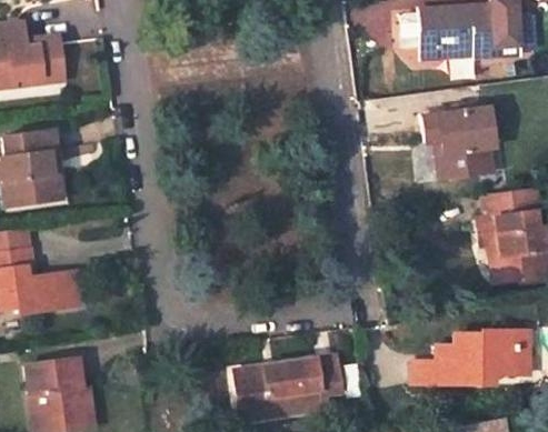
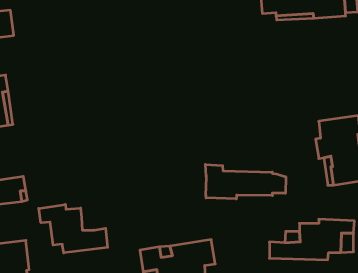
building: [421,101,491,178] -> none
building: none -> [205,164,286,199]
building: none -> [39,204,108,253]

